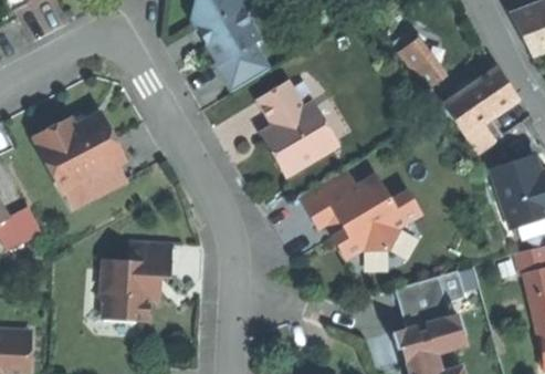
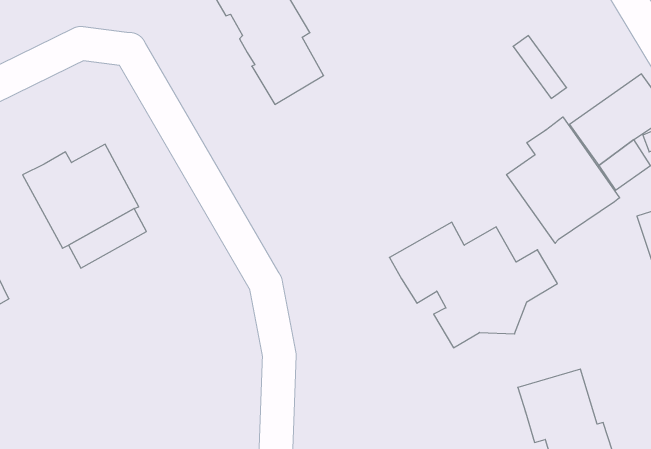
building: [248,76,327,169] -> none
building: none -> [507,117,620,243]
building: [101,241,179,320] -> none

